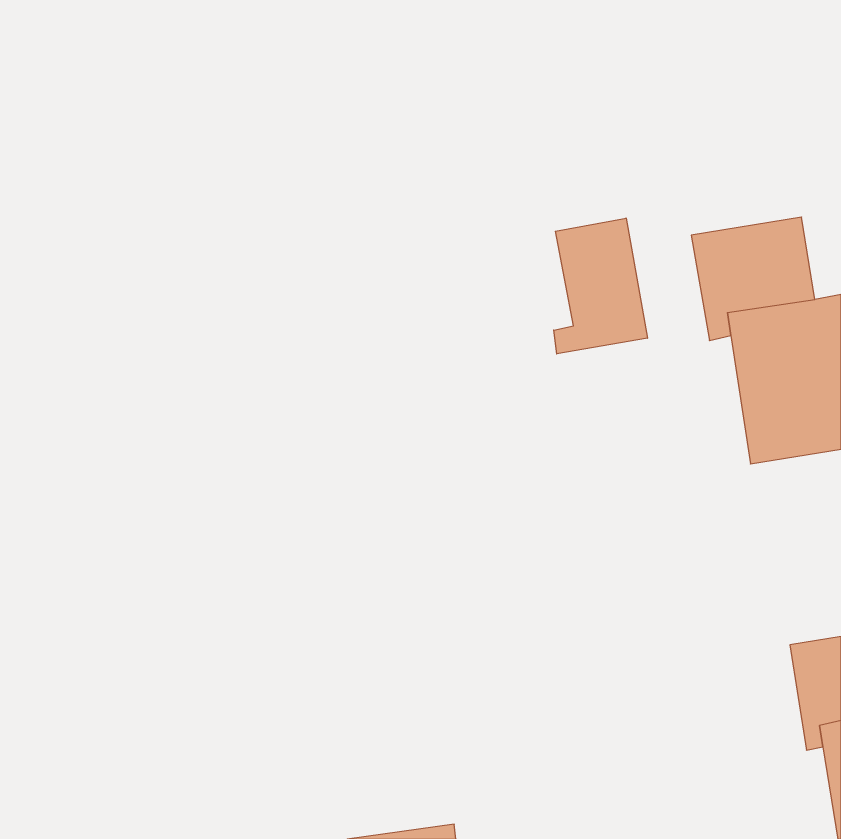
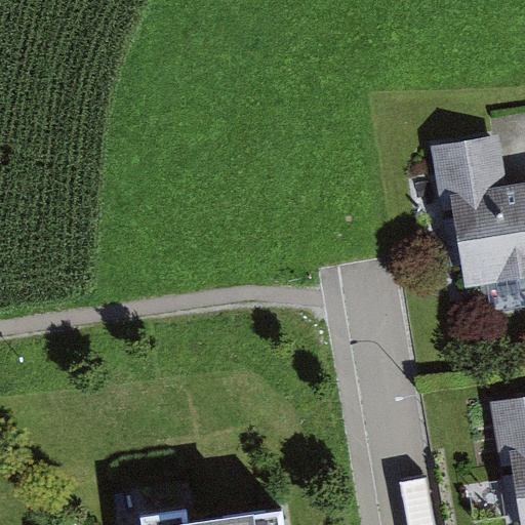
building: [554,218,647,354] -> none

